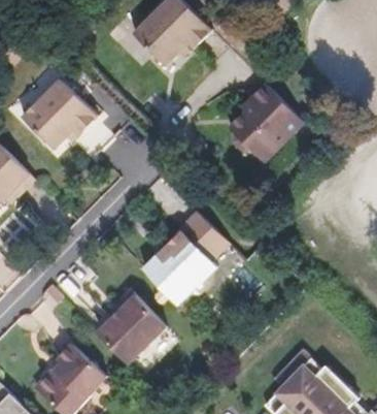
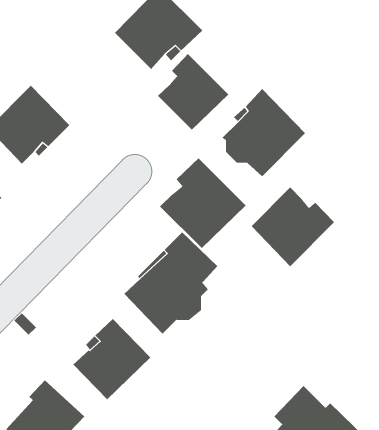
building: none -> [157,53,229,131]
building: none -> [159,157,247,249]
building: none -> [251,187,335,267]

